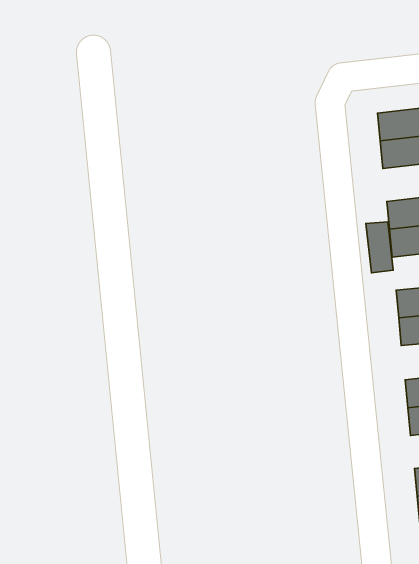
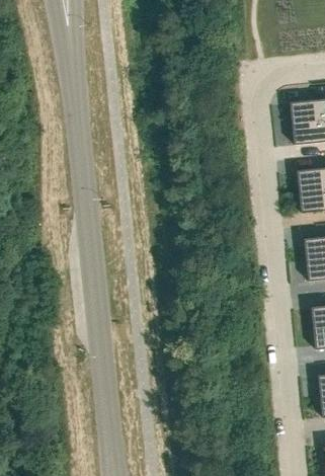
building: [366,222,393,273] -> none

